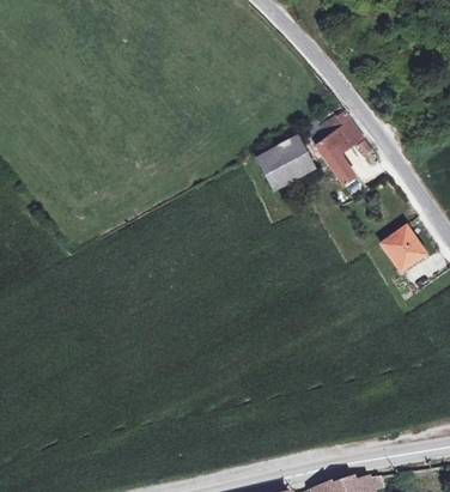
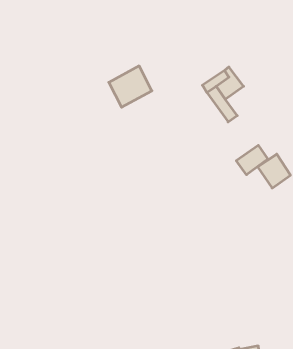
building: [256,135,312,189] -> [109,66,152,107]
building: none -> [236,145,268,175]

